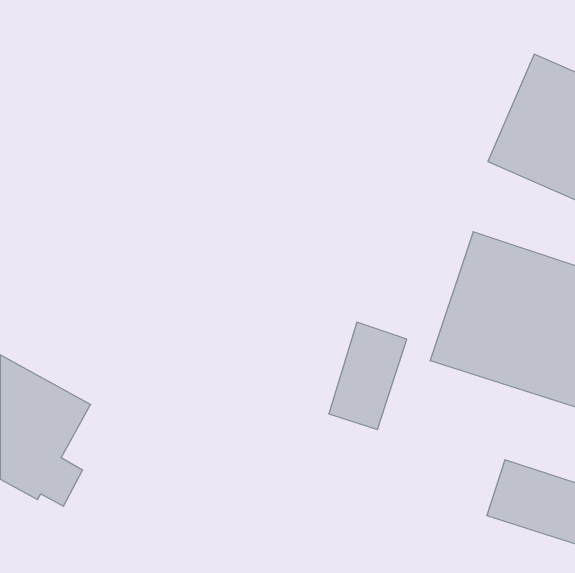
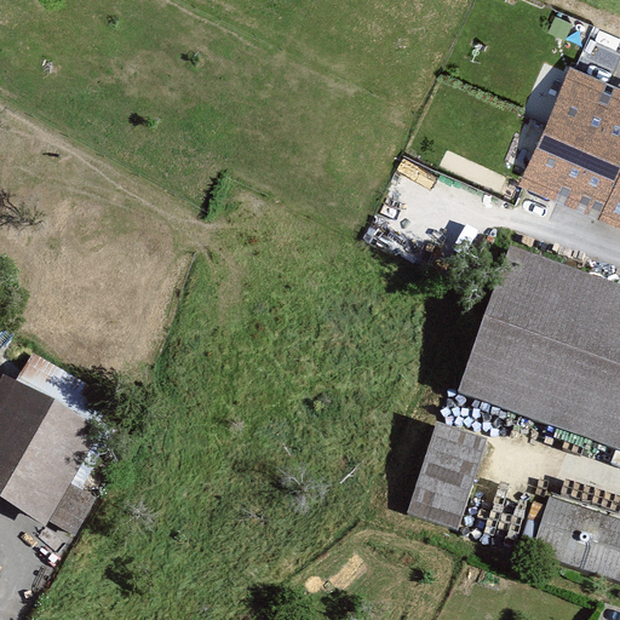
building: [329,322,407,430] -> [398,419,482,534]

